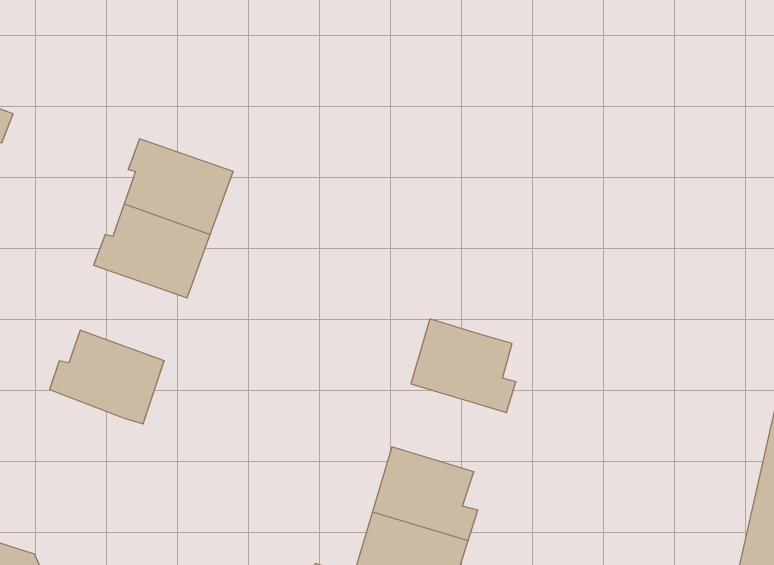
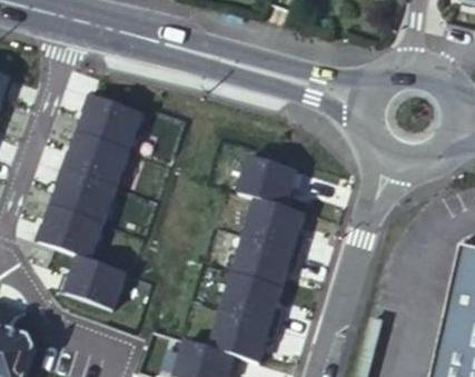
building: none -> [238,156,305,207]
building: none -> [52,167,115,222]
building: none -> [234,236,300,287]
building: none -> [57,256,125,308]

